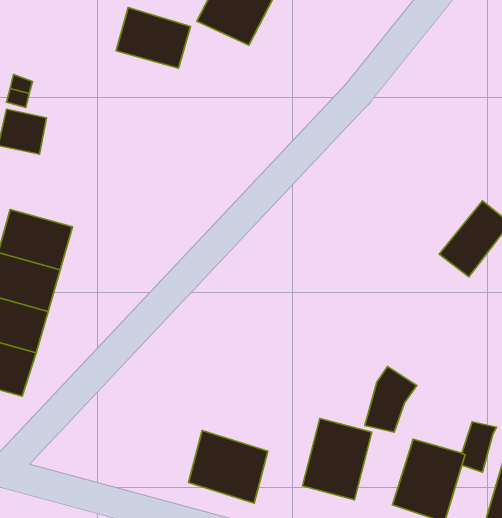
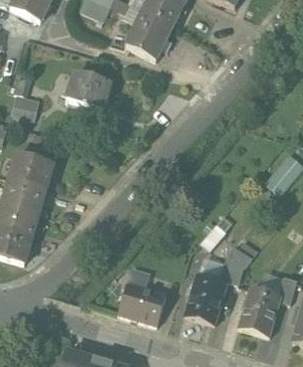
building: [116,8,191,68] -> [66,70,110,106]

